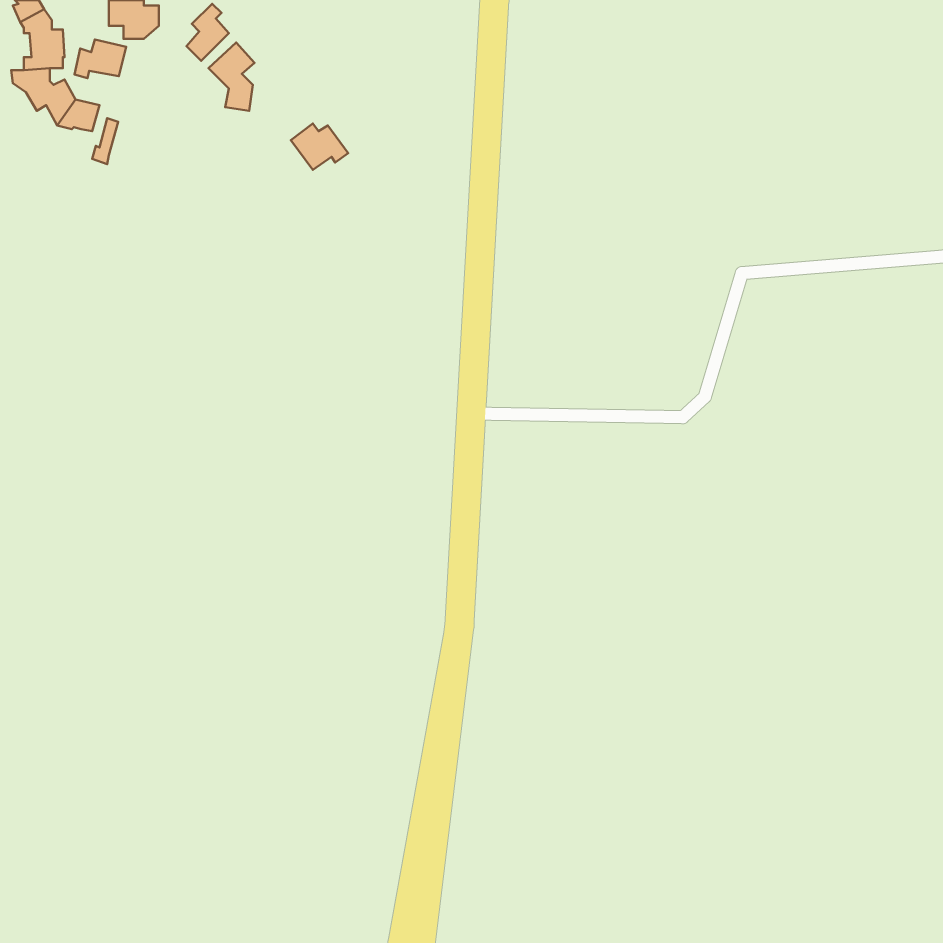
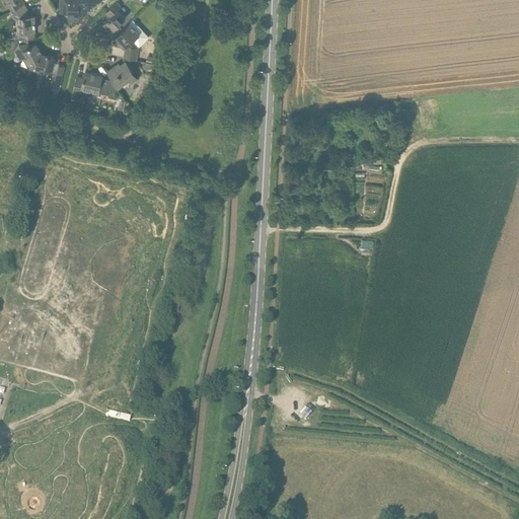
building: [75,39,126,78] -> [74,72,102,93]
building: [291,124,348,170] -> [106,63,138,88]

